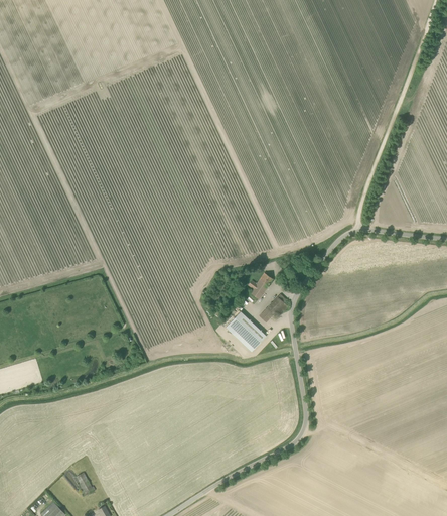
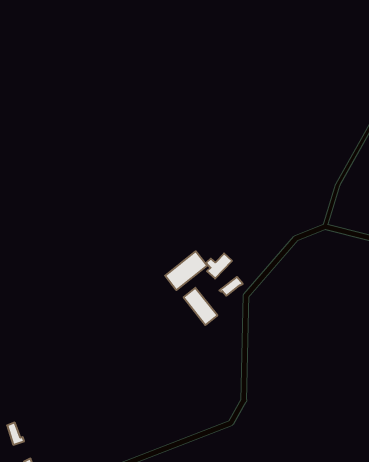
building: none -> [165,251,207,290]

